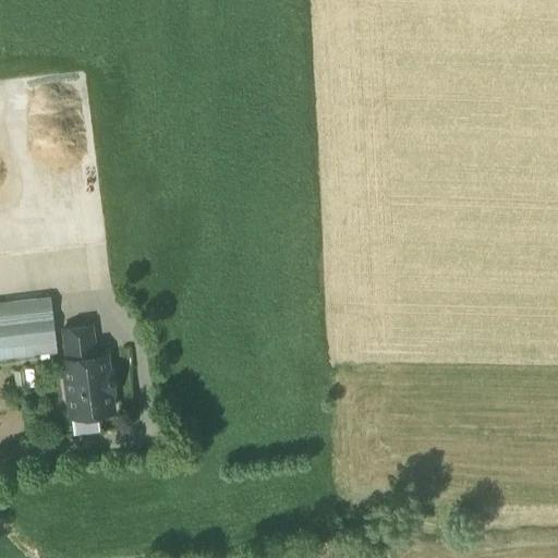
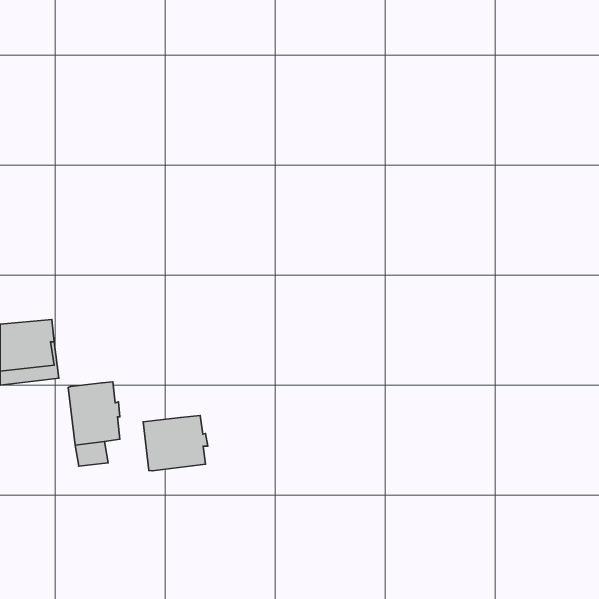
building: [63,326,96,360] -> none
building: none -> [143,415,208,471]

